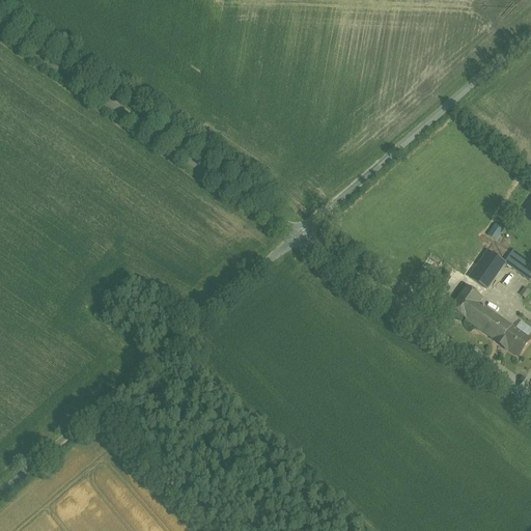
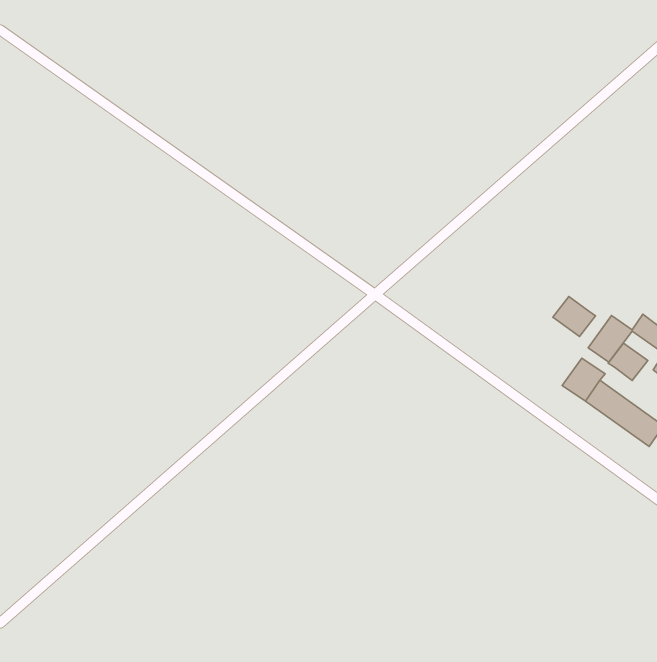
building: none -> [553,296,596,336]
building: none -> [608,343,648,381]

